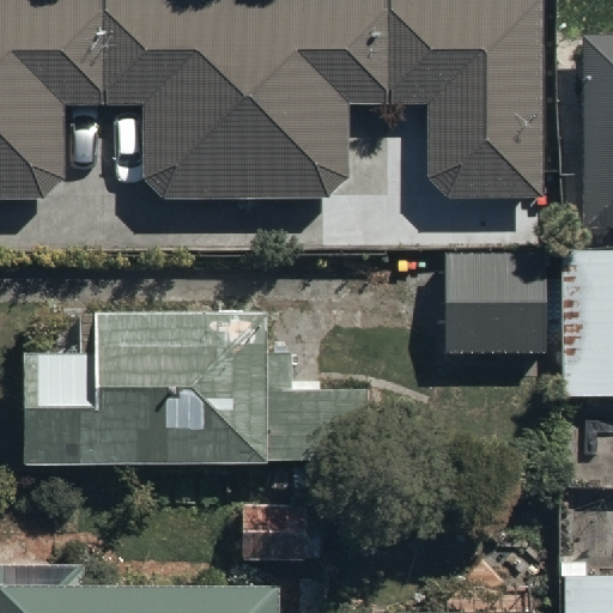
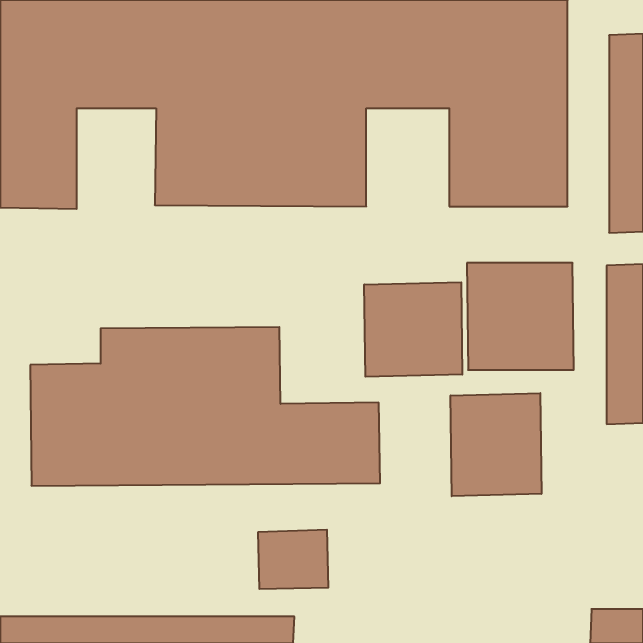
building: none -> [364,282,462,377]
building: none -> [451,393,541,496]

